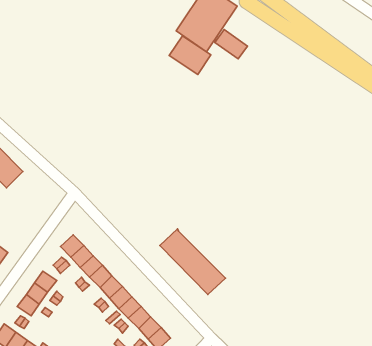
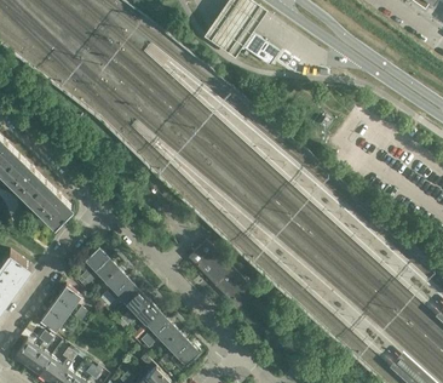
building: [169,36,211,74] -> none
building: none -> [29,184,73,228]

